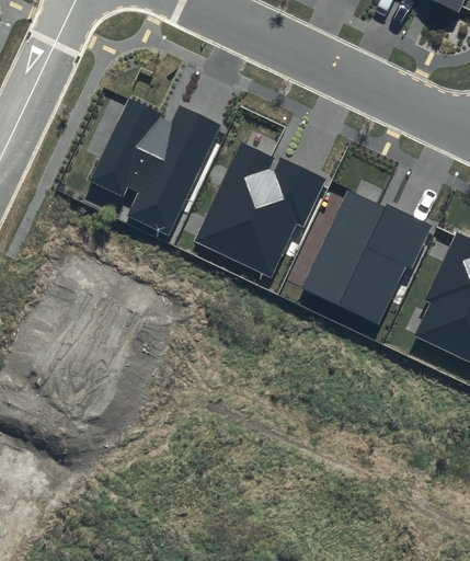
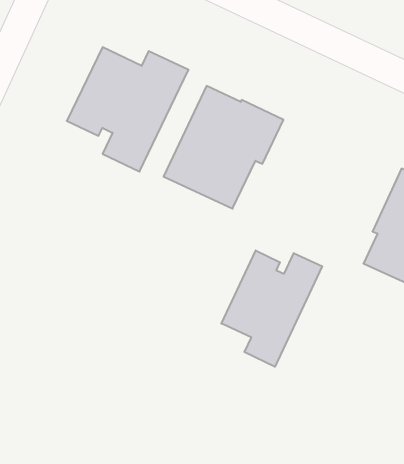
building: [301,192,432,325] -> none
building: none -> [221,250,322,367]

